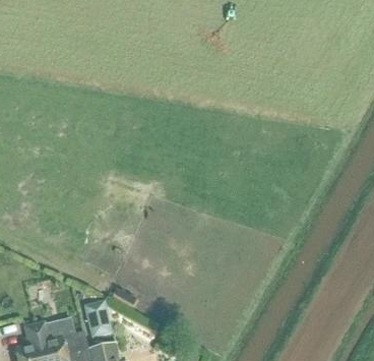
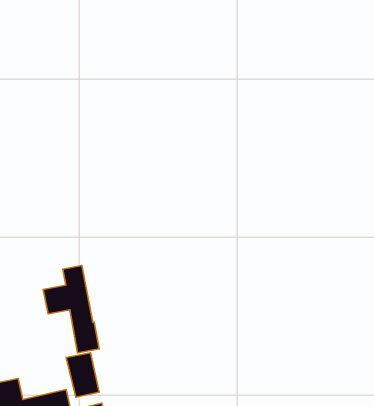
building: none -> [43,265,99,353]

